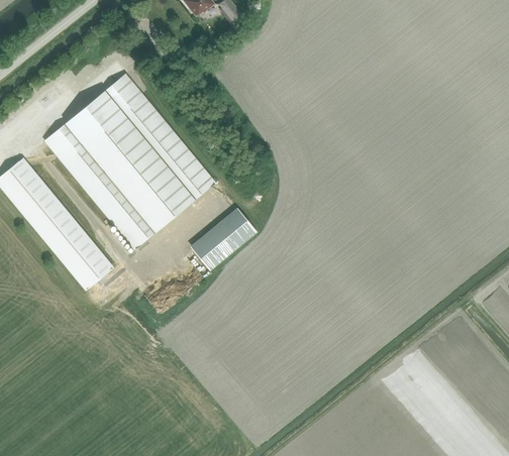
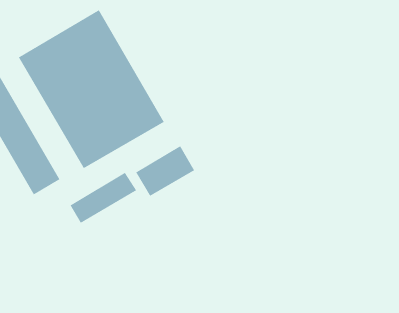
building: none -> [69,172,137,224]

